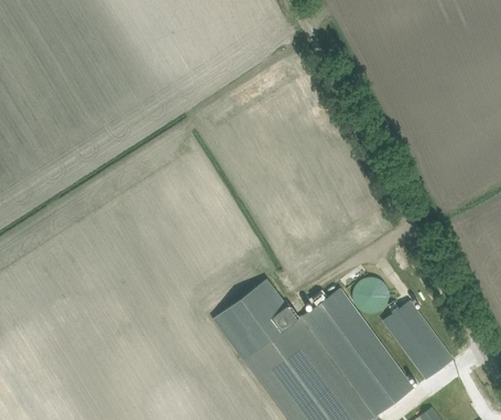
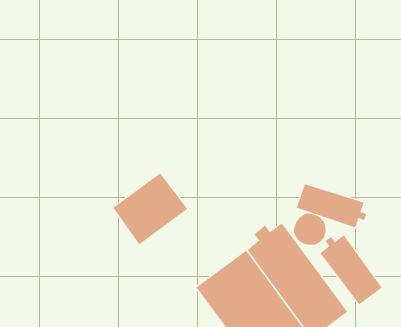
building: none -> [296,183,367,228]
building: [214,279,298,360] -> [112,173,188,245]

